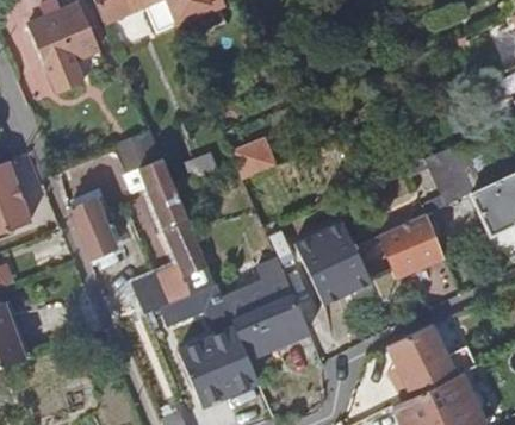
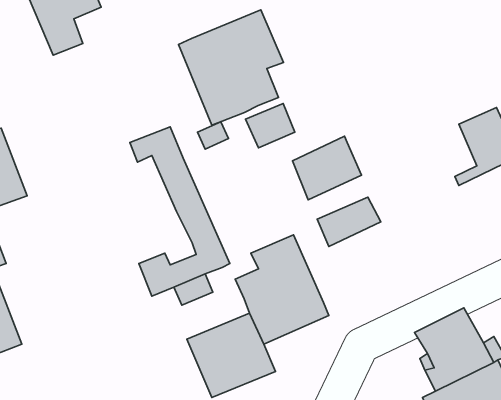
building: none -> [179,10,283,125]
building: [69,198,117,260] -> none
building: [380,213,445,275] -> none
building: [309,245,372,304] -> [293,136,362,200]

